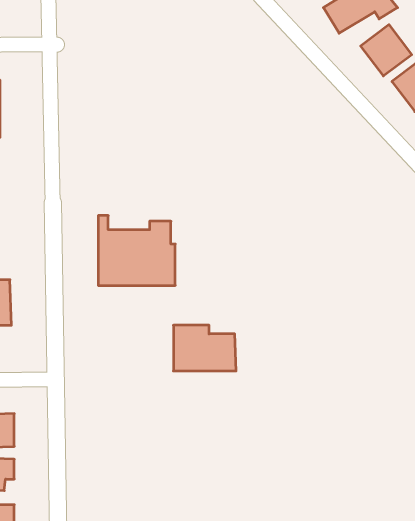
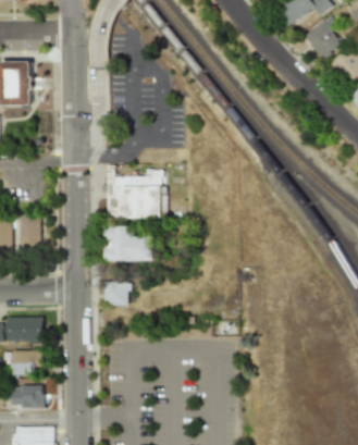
building: [173,325,236,371] -> [107,226,155,261]
building: none -> [103,282,128,305]

